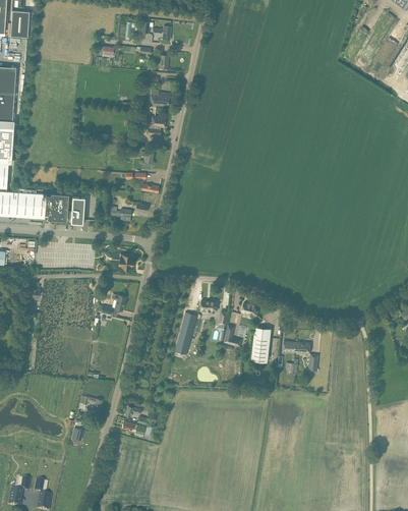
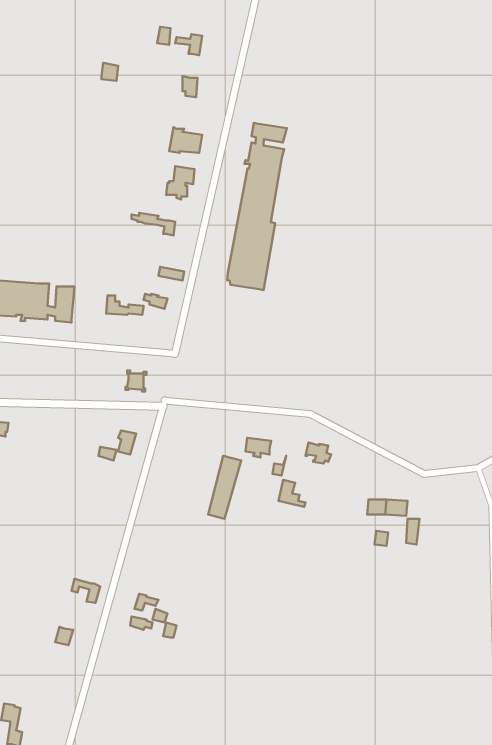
building: none -> [227,123,287,290]
building: [251,327,272,363] -> none

